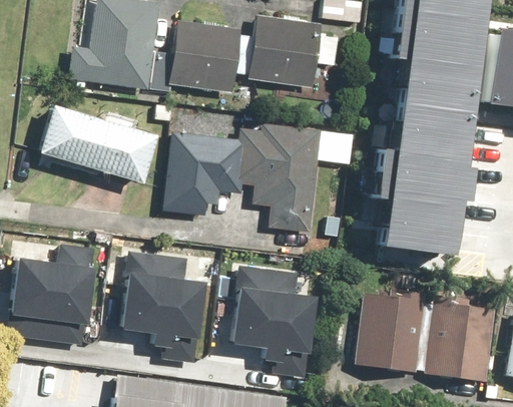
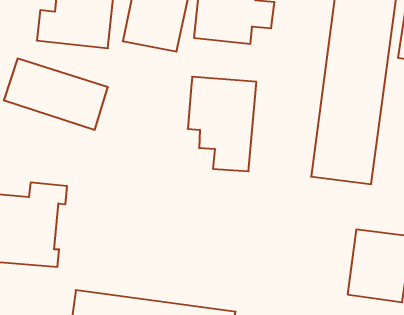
building: [164,130,246,216] -> none
building: [128,252,209,366] -> none
building: [236,267,318,377] -> none
building: [334,292,437,376] -> none

